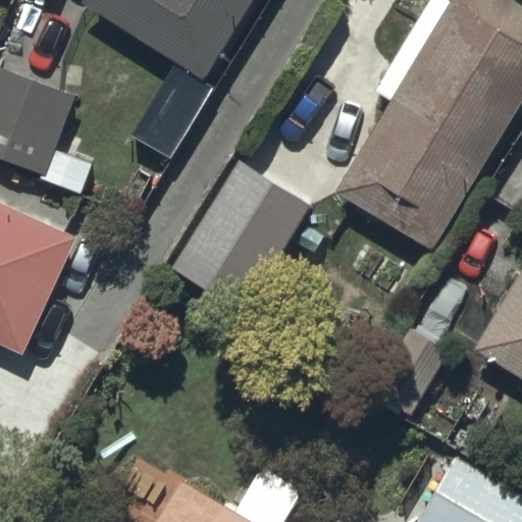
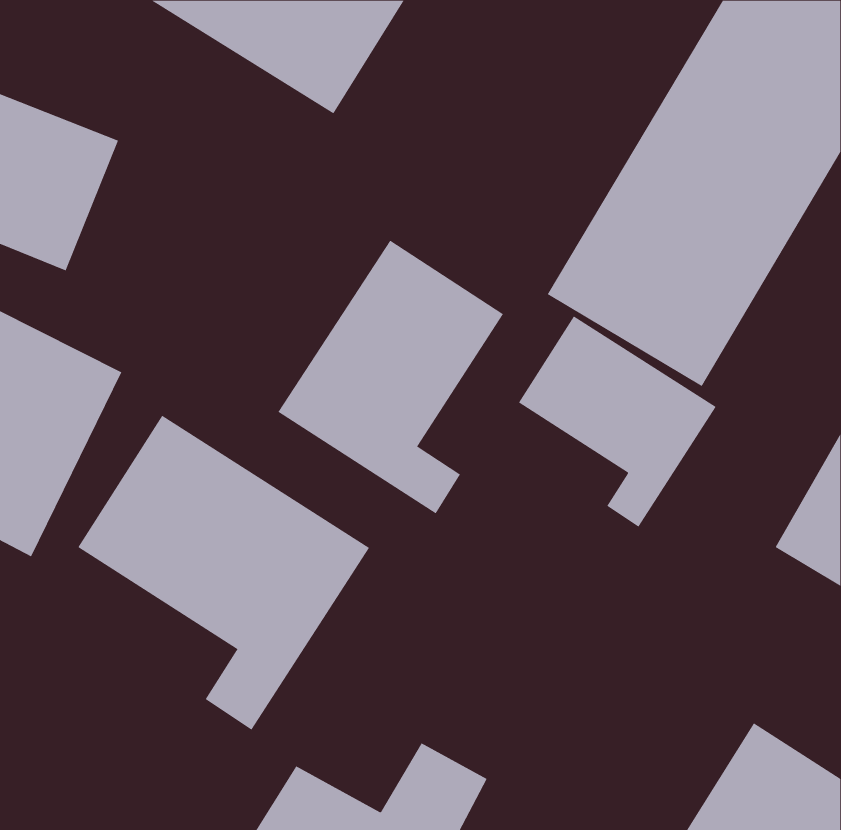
building: none -> [518,316,716,527]
building: none -> [78,415,370,731]

